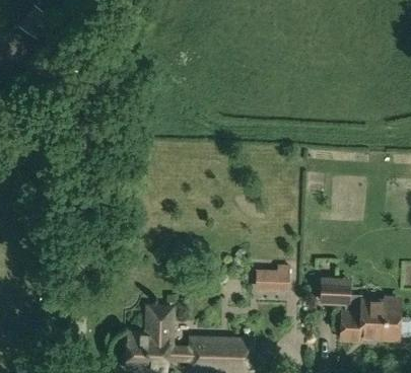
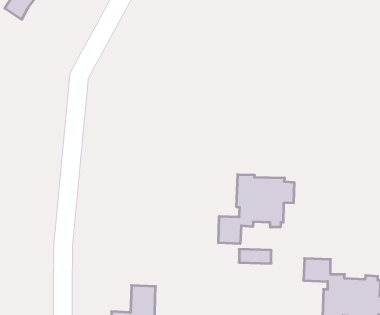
building: none -> [218,174,294,244]

